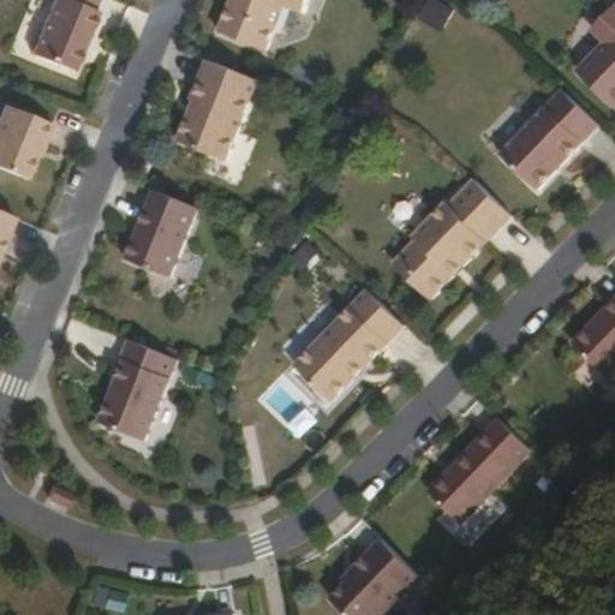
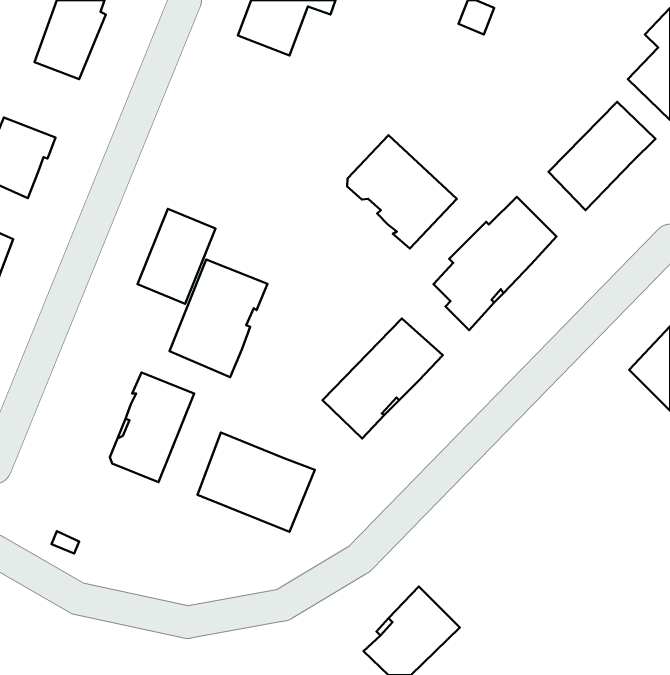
building: [177,61,256,161] -> none
building: none -> [347,135,457,248]
building: none -> [170,259,268,377]
building: none -> [197,432,315,532]
building: [429,412,531,515] -> none

